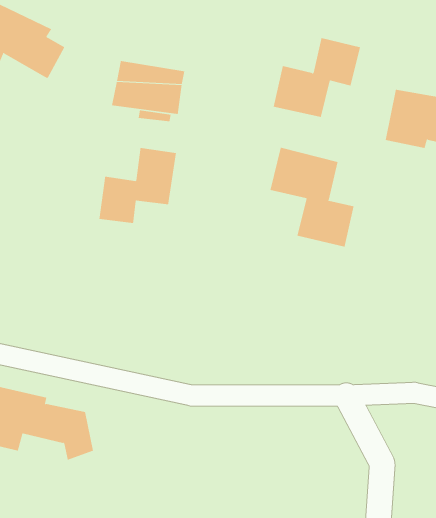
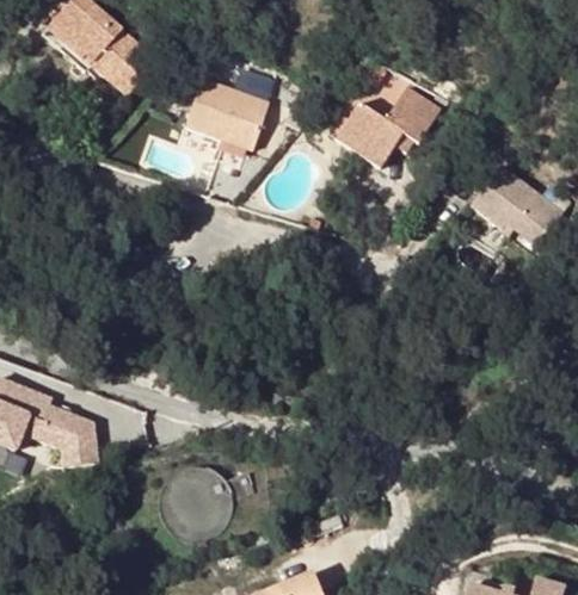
building: [270,147,354,247] -> none
building: [99,147,176,224] -> none

